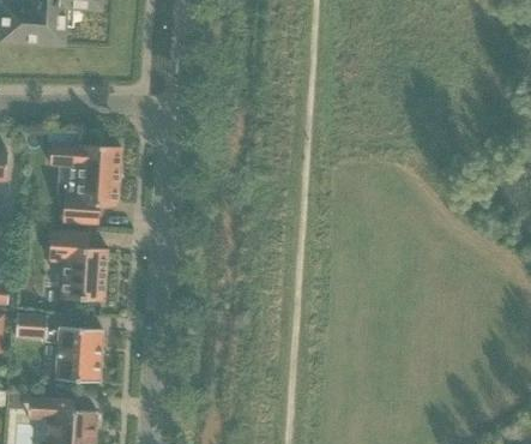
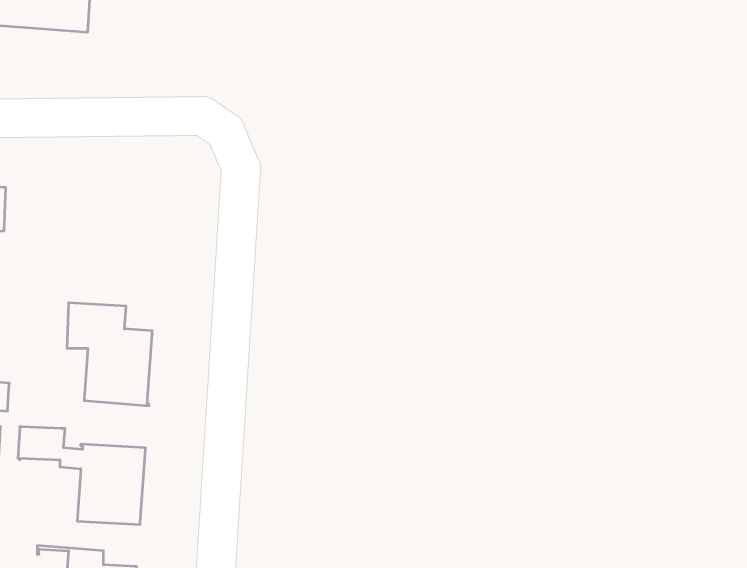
building: [49,145,120,224] -> none

